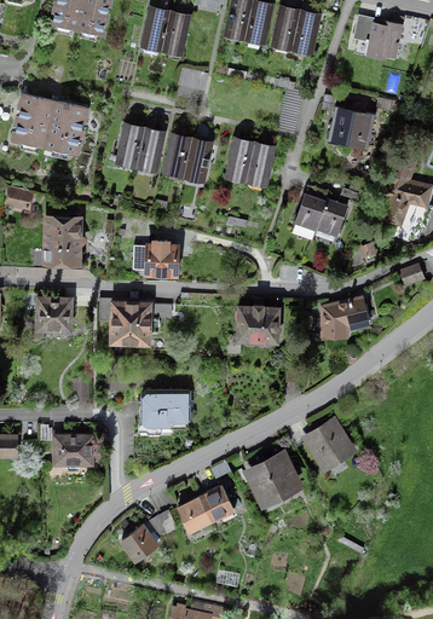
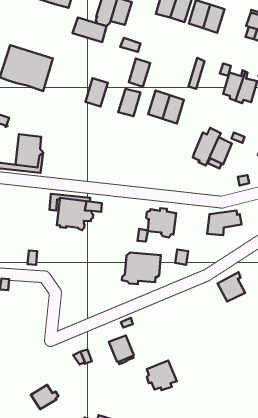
building: none -> [73,18,107,42]
building: [116,126,144,164] -> none
building: [163,137,191,175] -> [129,59,150,87]
building: [133,241,177,277] -> none
building: [36,299,74,328] -> none
building: [138,391,190,434] -> [122,252,161,284]
building: [310,421,350,463] -> [218,272,245,301]
building: [56,436,91,462] -> none
building: [252,456,295,498] -> [147,361,177,390]
building: [175,498,212,537] -> none
building: [121,525,160,560] -> [31,385,58,409]

